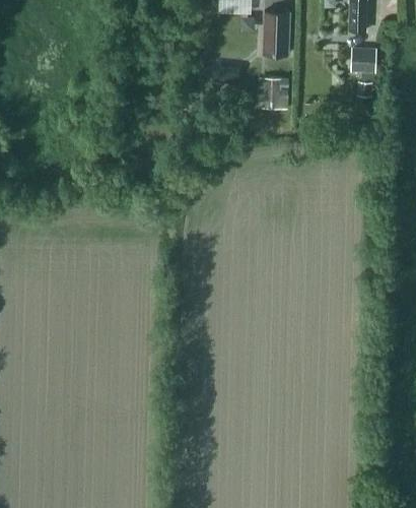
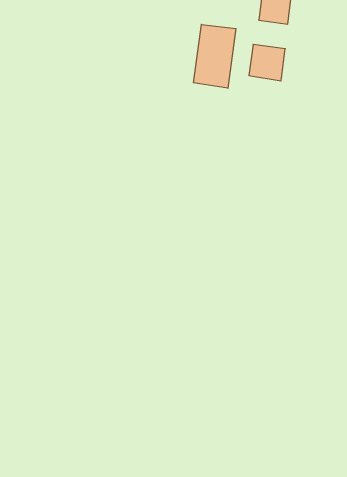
building: none -> [194,24,236,88]

